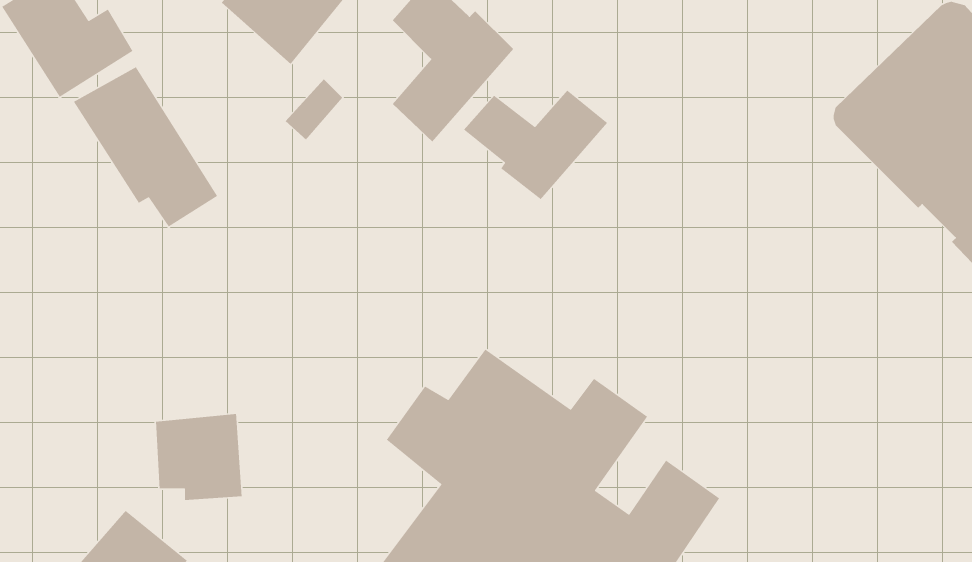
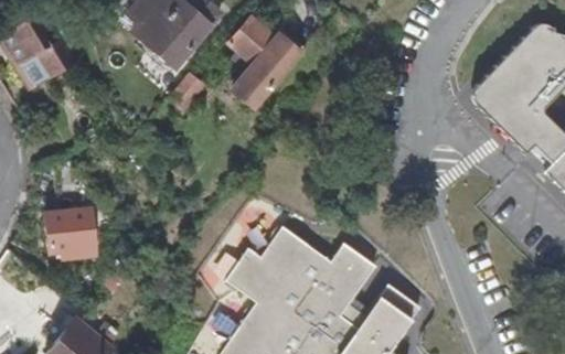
building: [73,66,218,227] -> none
building: [463,90,608,200] -> none
building: [155,413,243,501] -> [49,208,98,258]

